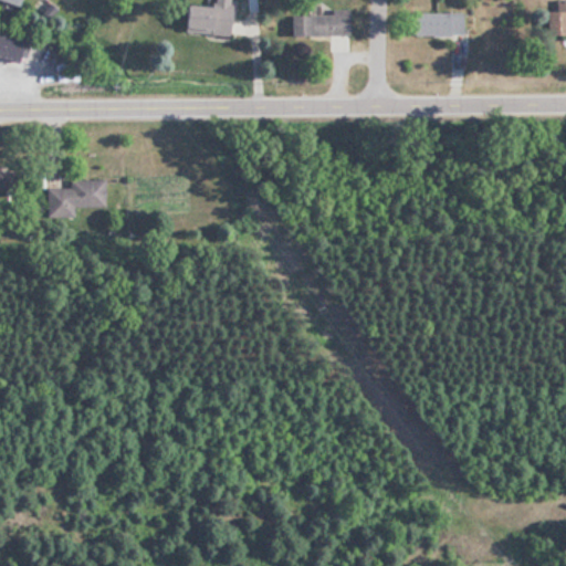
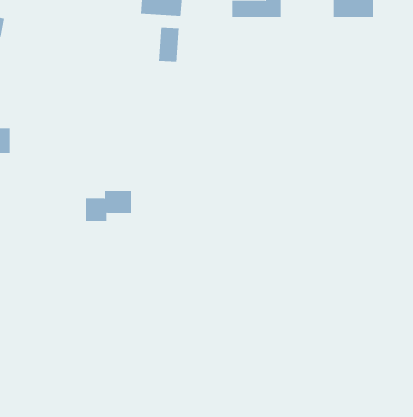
building: none -> [158,27,179,63]
building: [50,179,106,217] -> [85,191,132,222]

